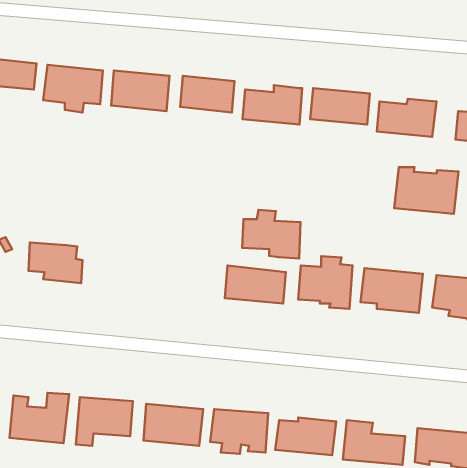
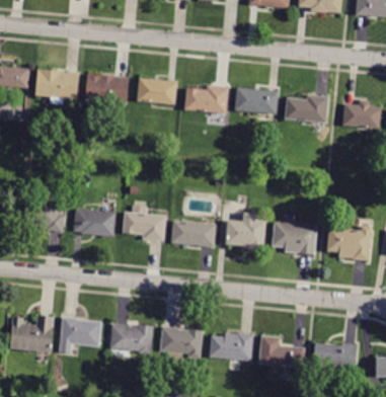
building: [394,167,459,214] -> none
building: [242,210,300,259] -> [123,206,166,242]
building: none -> [72,209,117,237]

